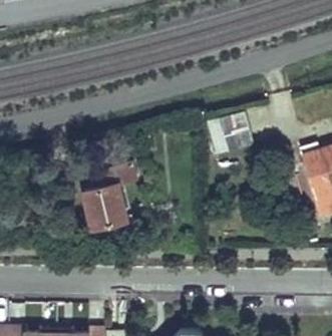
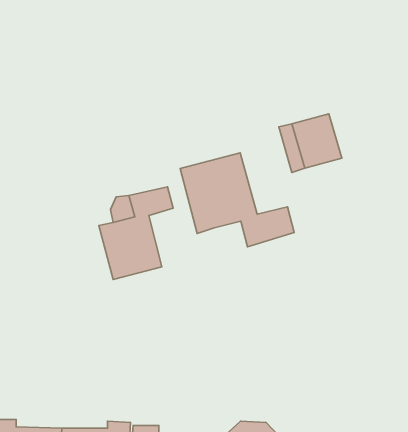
building: none -> [180,153,294,247]

